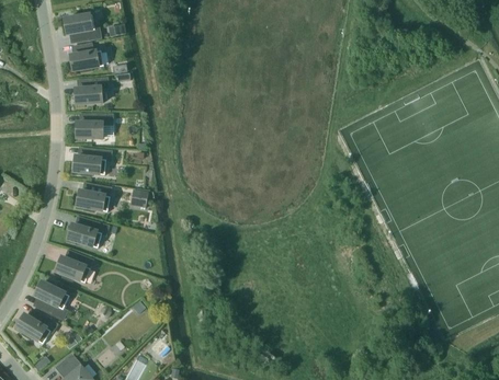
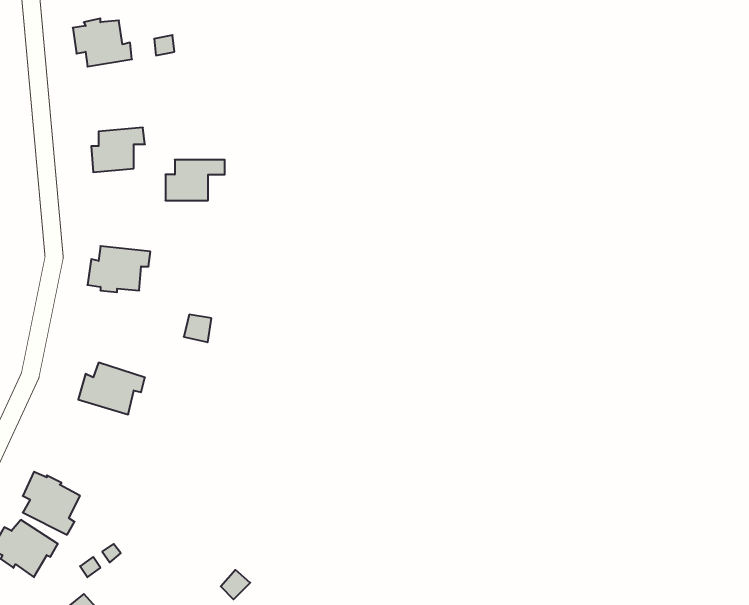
building: [70,44,103,72] -> none
building: [77,115,112,139] -> [165,160,225,200]
building: [77,184,110,212] -> none
building: [56,252,92,284] -> none

